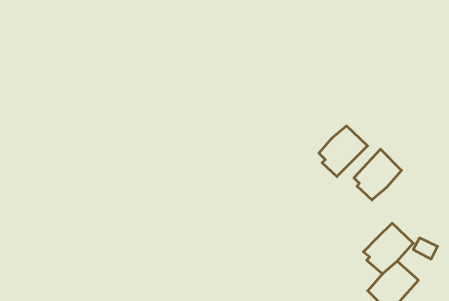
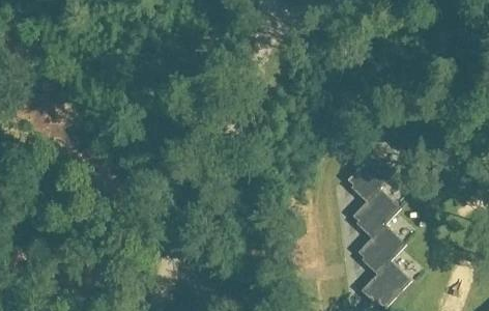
building: [319,126,368,177] -> [353,188,401,237]

